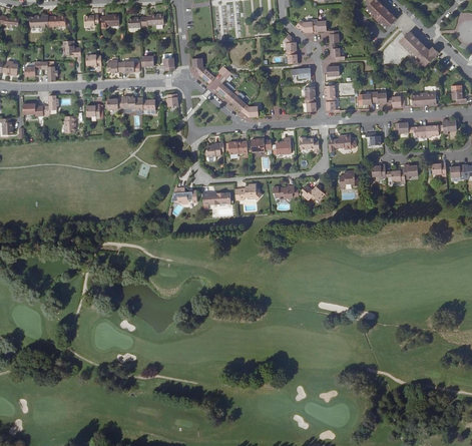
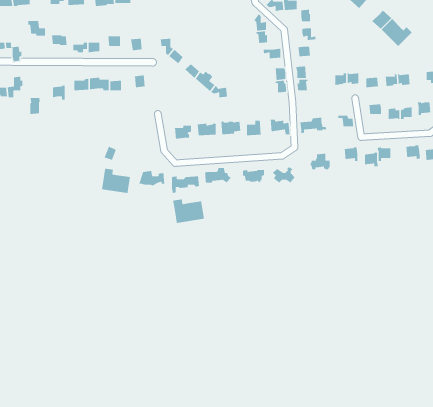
building: none -> [101,168,131,194]
building: none -> [172,198,205,224]

